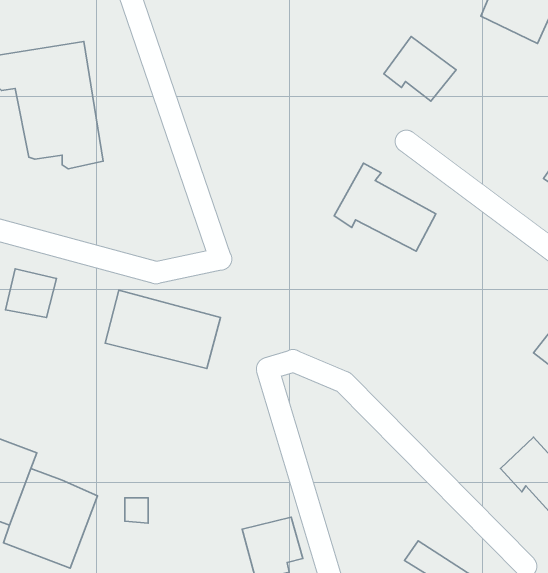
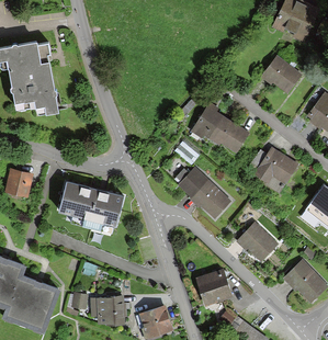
building: [384,37,456,101] -> [261,55,302,91]
building: none -> [252,152,296,189]
building: none -> [179,168,231,217]
building: none -> [238,223,278,262]
building: none -> [195,270,231,305]
building: none -> [90,298,124,324]

